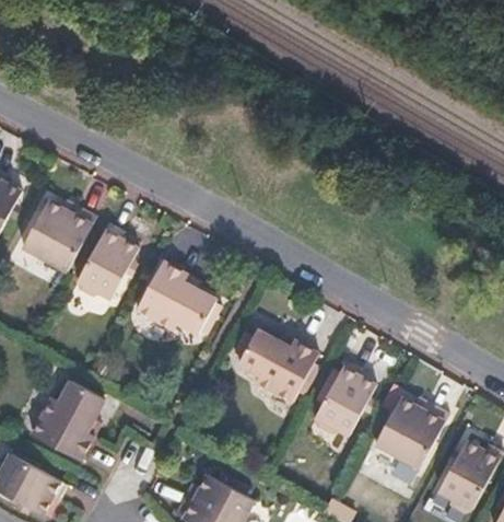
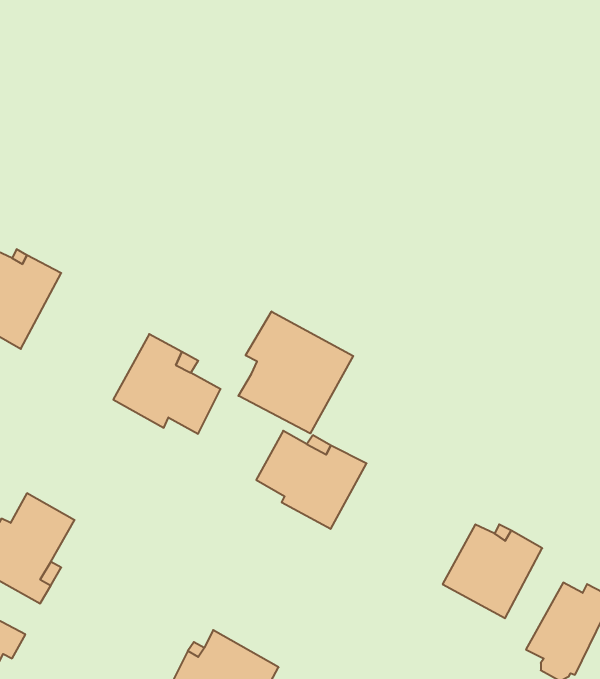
building: [74,222,136,298] -> none
building: none -> [238,311,353,433]
building: [316,362,377,439] -> none

